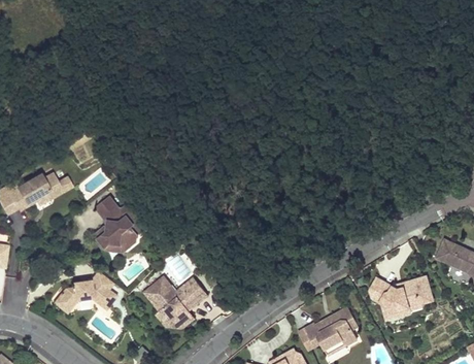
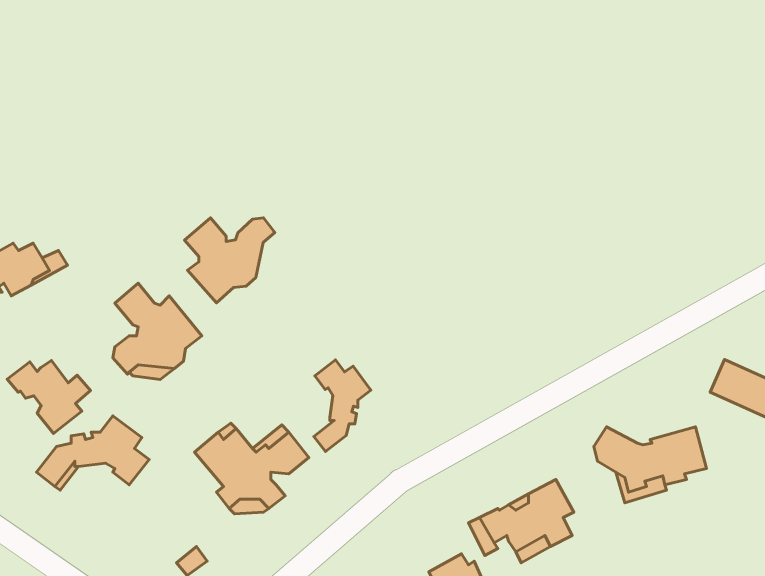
building: none -> [184,218,275,303]
building: none -> [314,360,371,452]
building: none -> [7,360,90,434]

